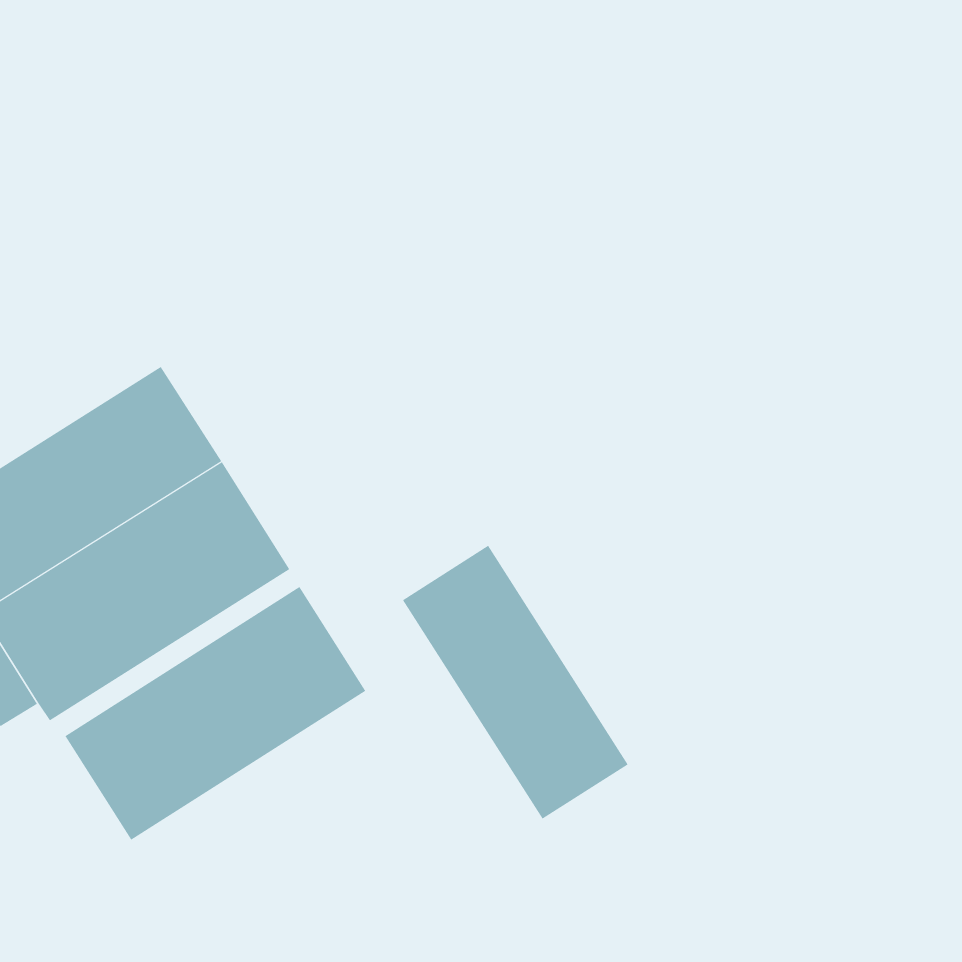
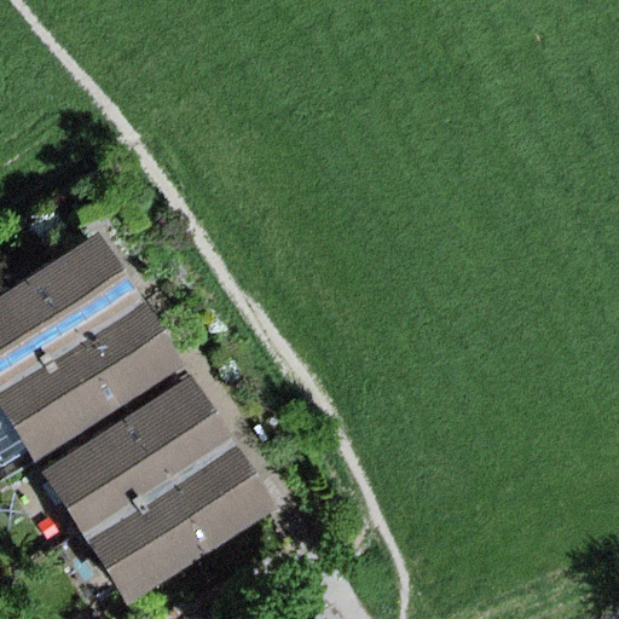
building: [402,545,628,820] -> none
building: none -> [83,440,277,603]

